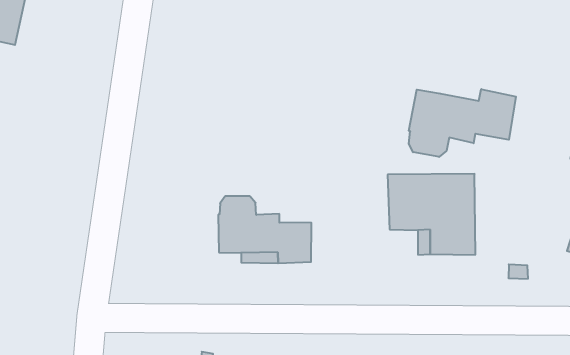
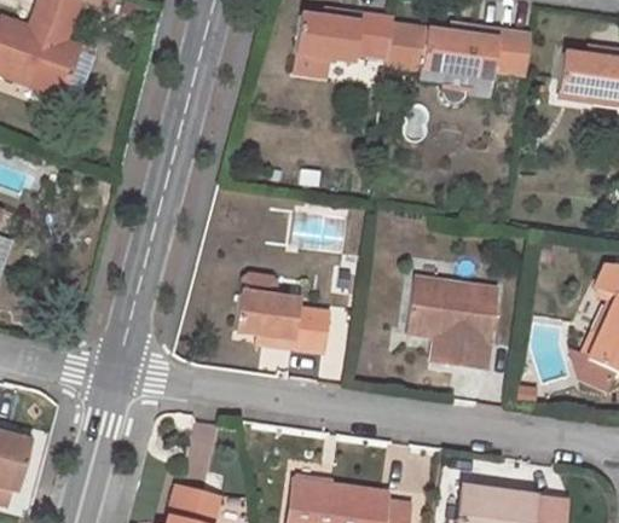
building: [409,89,516,157] -> none

